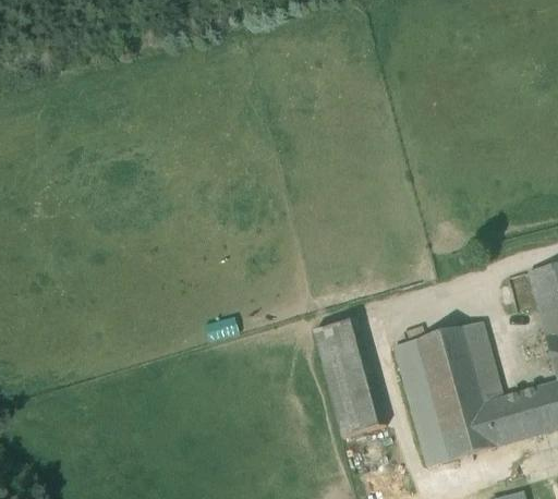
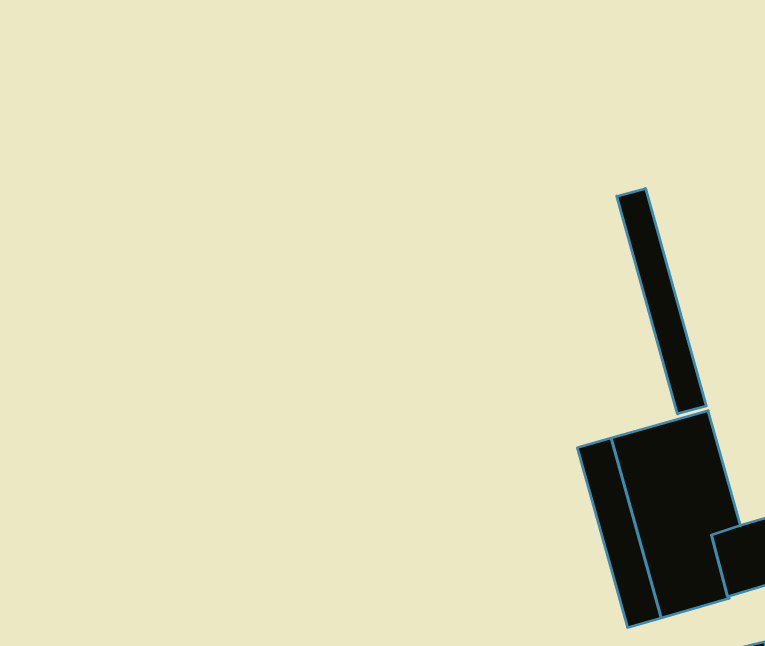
building: none -> [617,188,706,414]
building: [313,318,386,437] -> none

